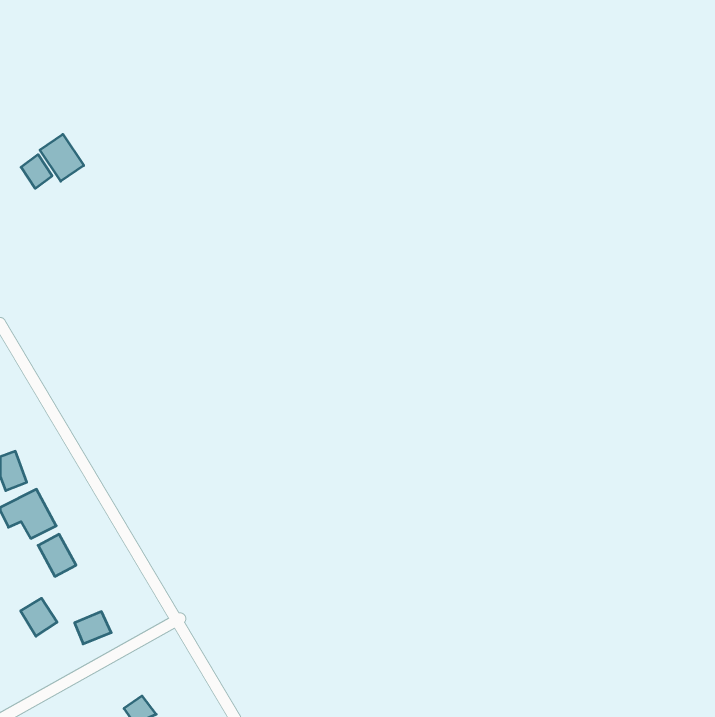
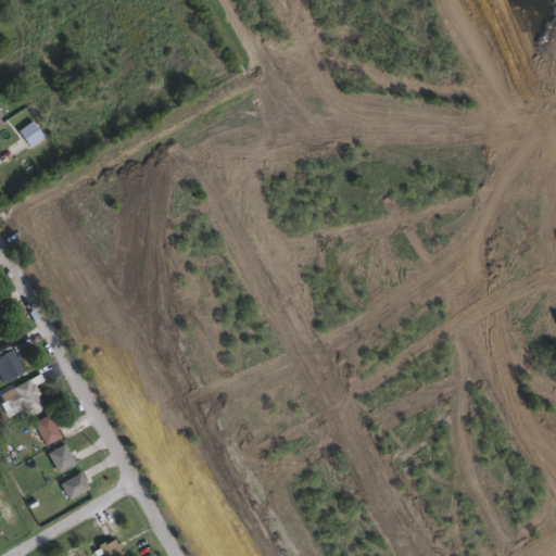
building: [40,134,84,181] -> none
building: [21,598,57,636] -> [48,444,76,473]

